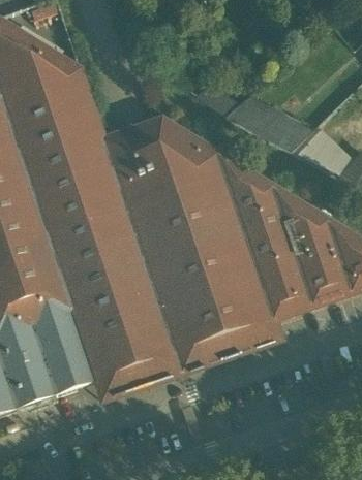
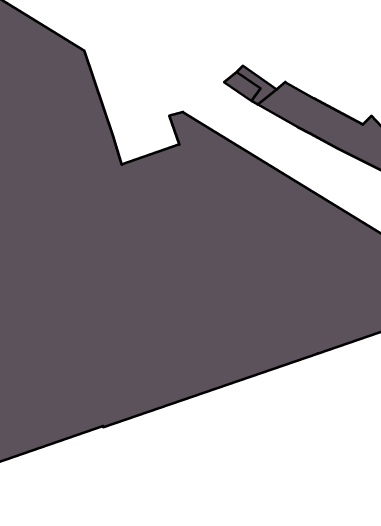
building: [103,121,158,161] -> none
building: [95,317,281,401] -> none

